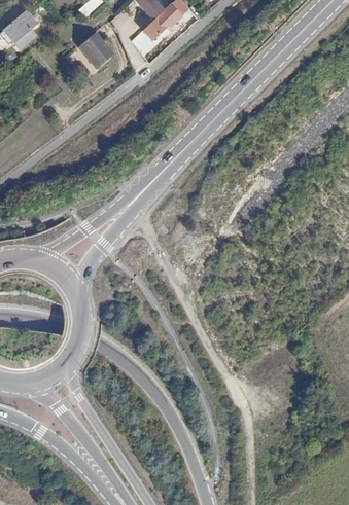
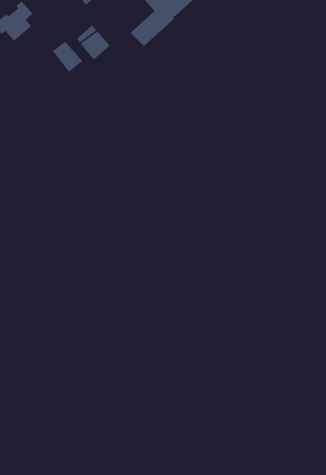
building: none -> [52,41,83,73]

